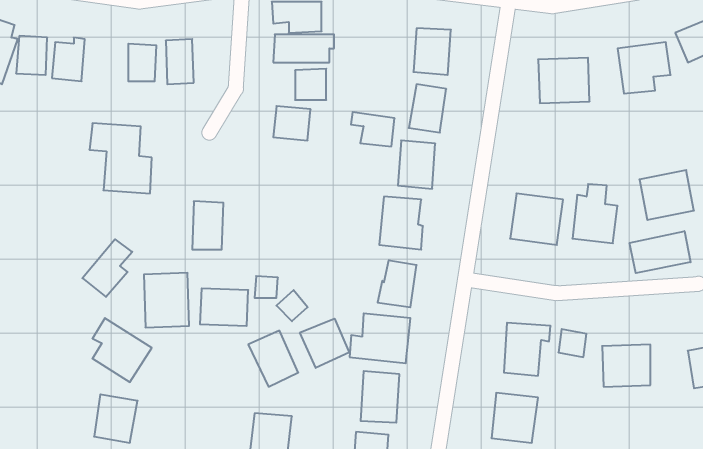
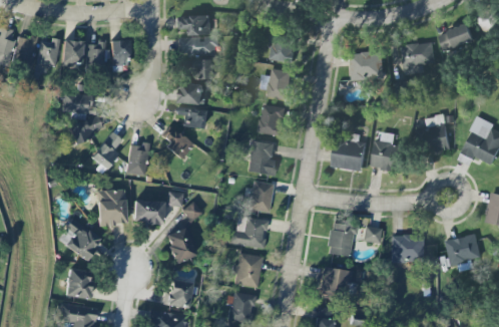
building: none -> [61,40,82,66]
building: [351,112,395,146] -> [176,106,204,128]
building: none -> [159,127,193,156]
building: [630,231,691,273] -> none
building: [82,239,132,297] -> [90,131,122,169]
building: [300,319,349,368] -> none

